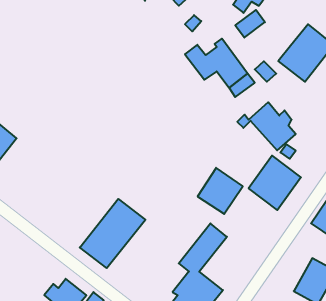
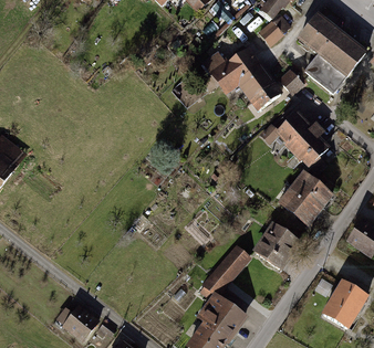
building: none -> [301,13,340,52]
building: [198,168,243,214] -> [251,220,300,270]
building: [80,199,145,268] -> none

